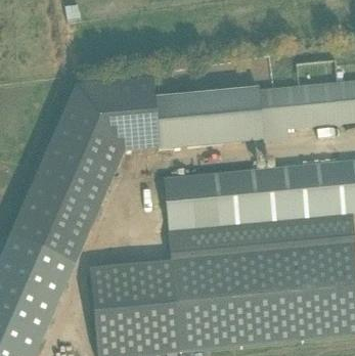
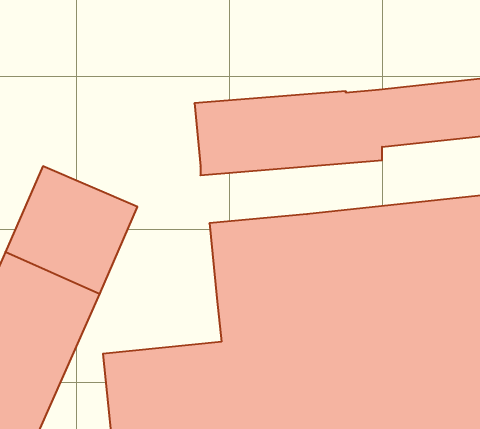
building: [51,72,159,169] -> none

